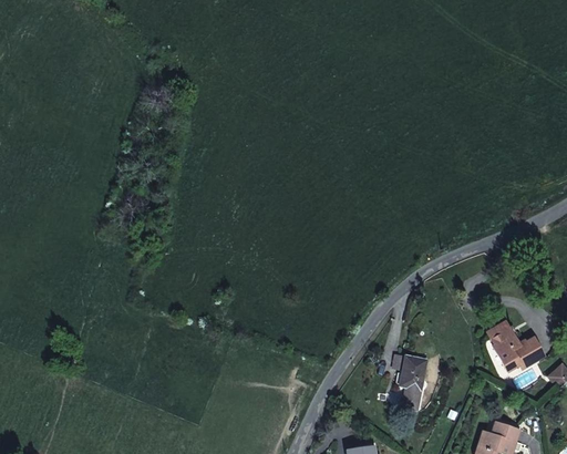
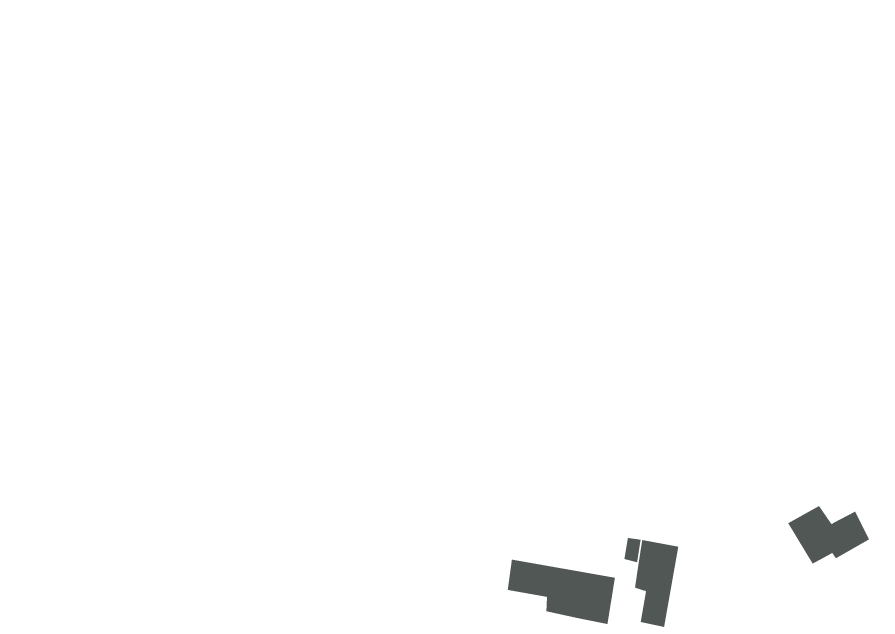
building: none -> [507,559,616,625]

